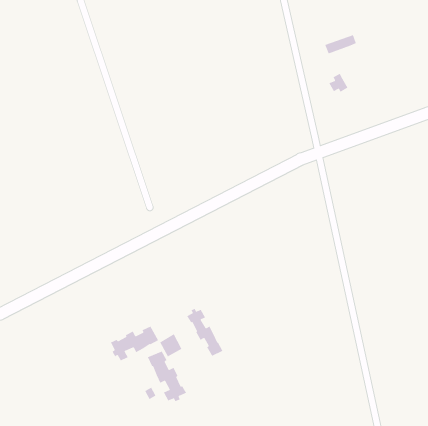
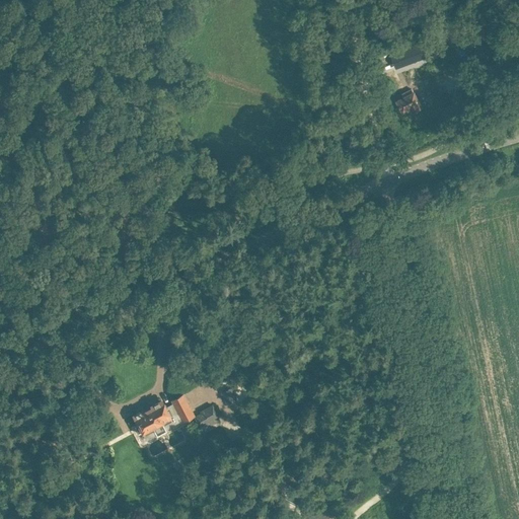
building: [186,308,224,357] -> none
building: [147,350,187,402] -> none

